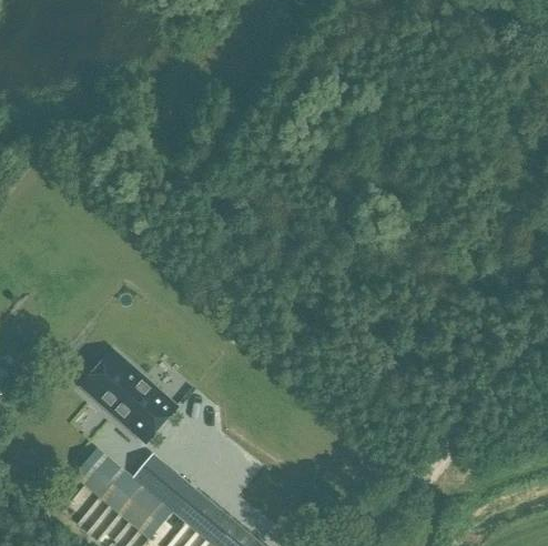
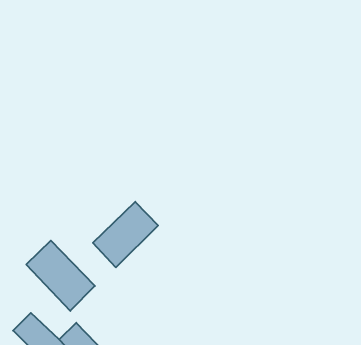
building: none -> [93,202,158,267]

